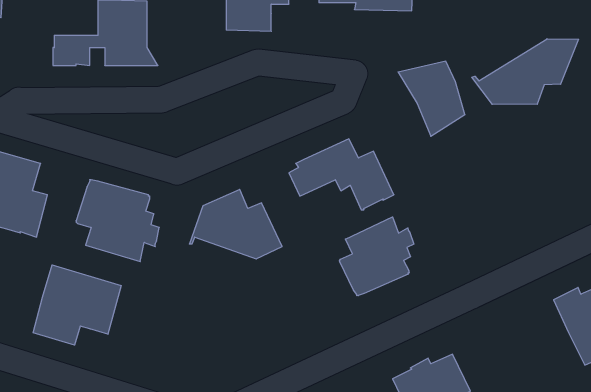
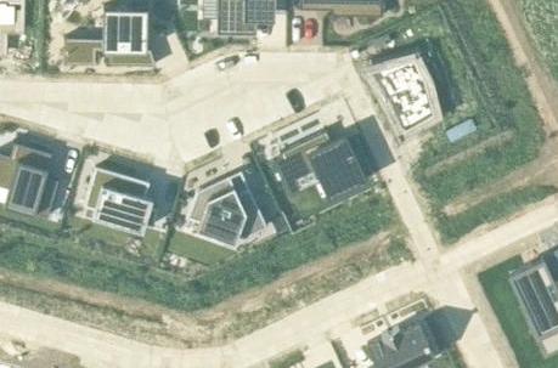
building: [472,39,579,104] -> none
building: [340,217,414,296] -> none
building: [33,265,121,345] -> none

